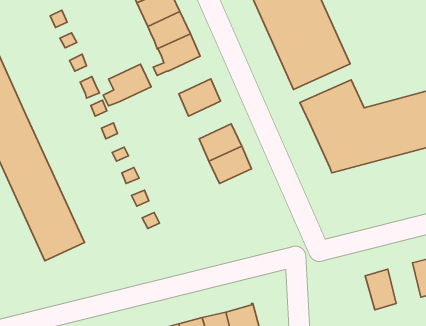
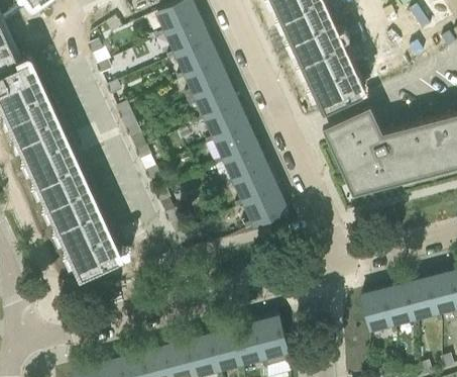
building: [103,64,151,106] -> [194,85,239,124]
building: none -> [218,127,258,163]
building: none -> [247,191,289,227]
building: none -> [406,280,437,318]
building: none -> [361,292,393,331]

